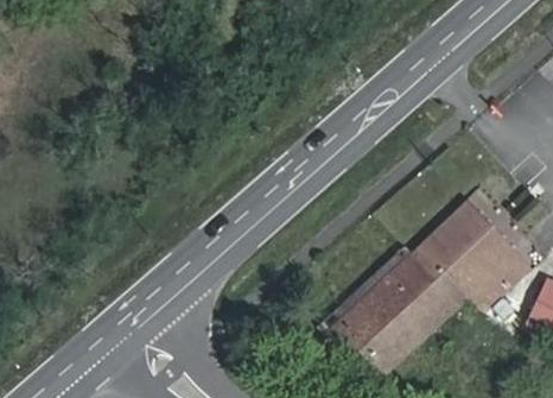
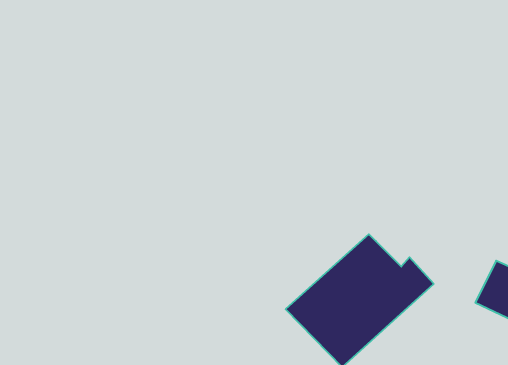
building: [415,204,527,308] -> none

